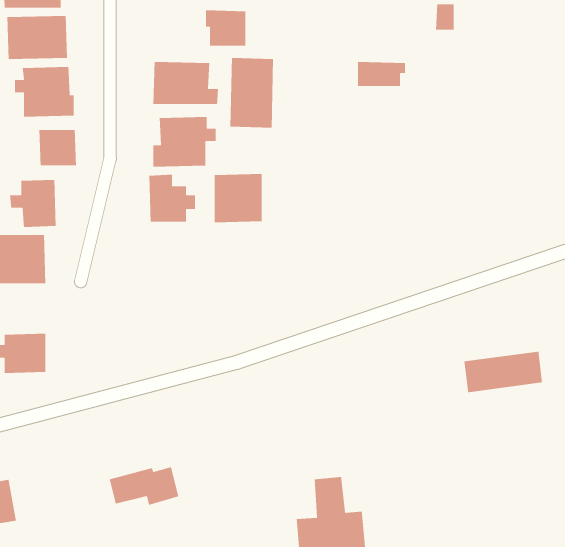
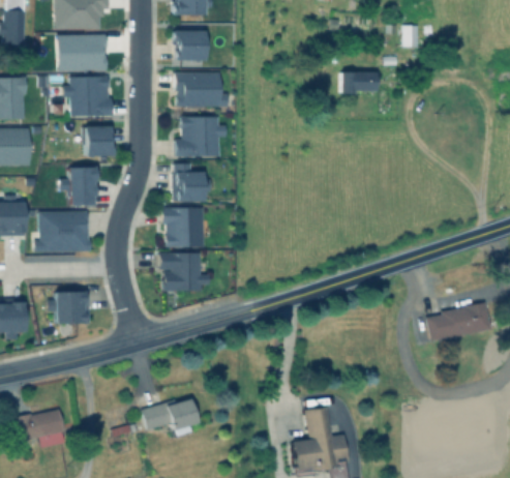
building: [205,9,246,47] -> [172,30,205,60]
building: [229,57,274,128] -> none
building: [214,173,262,223] -> [163,207,203,247]
building: none -> [161,252,209,291]

